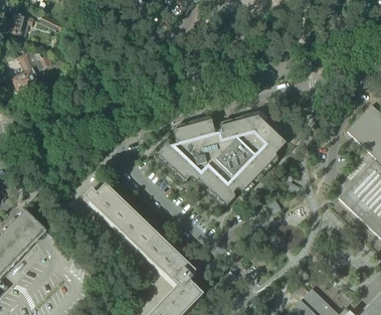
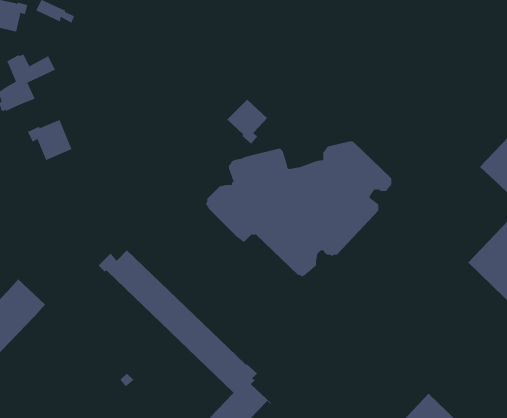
building: none -> [227,99,268,144]
building: none -> [27,119,72,161]

